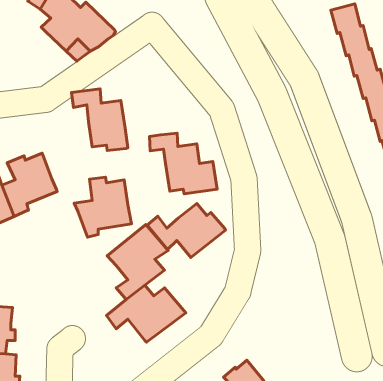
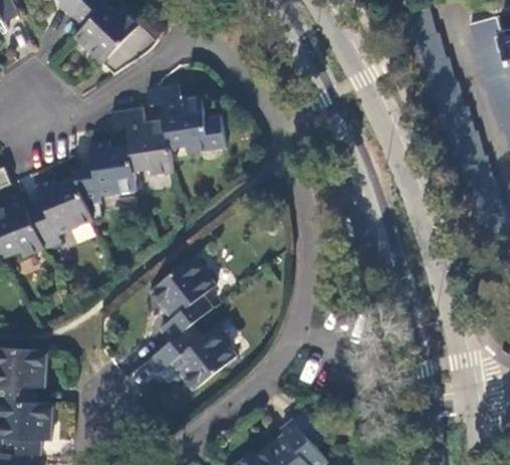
building: [149,133,217,194] -> [146,83,222,152]
building: [74,177,131,237] -> [71,139,136,206]
building: [147,203,225,257] -> none

